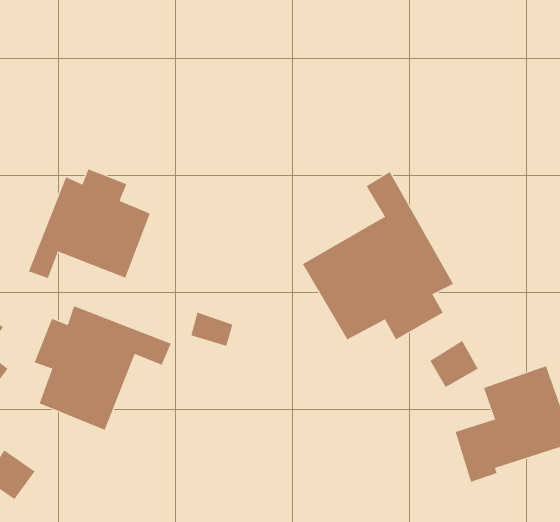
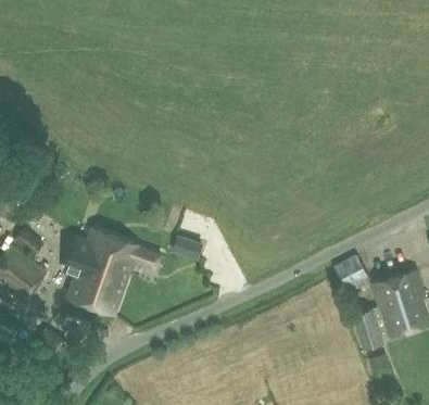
building: [28,168,150,279] -> none
building: [302,171,454,340] -> none

